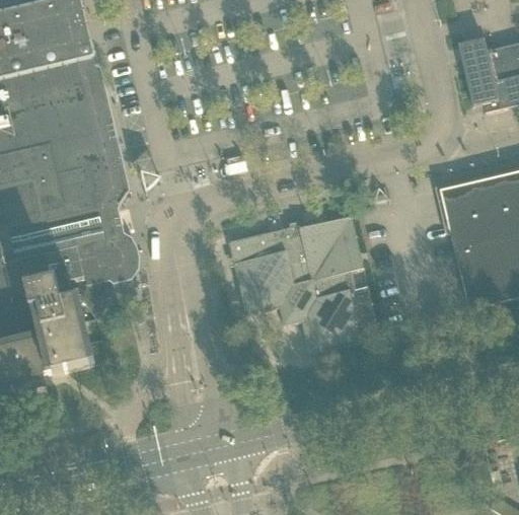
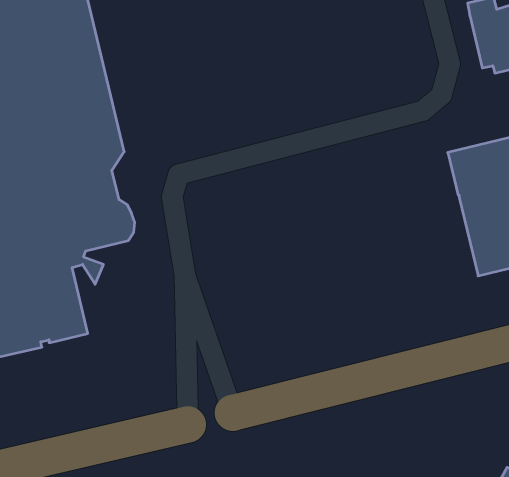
building: [229,214,377,352] -> none

